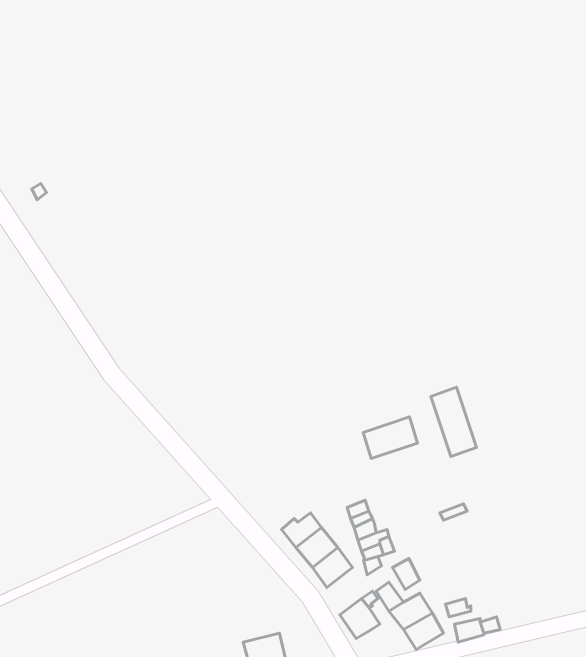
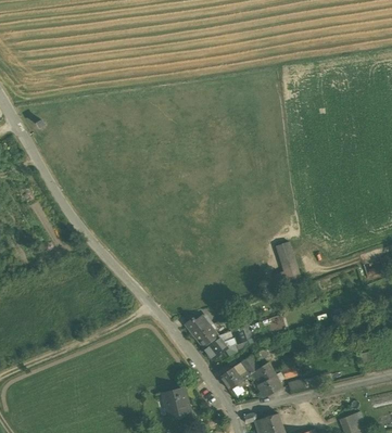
building: [363,417,418,458] -> none

